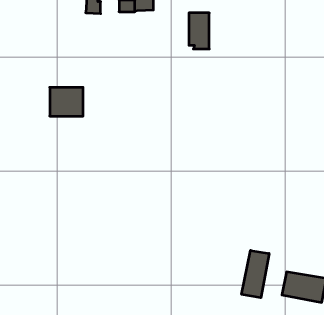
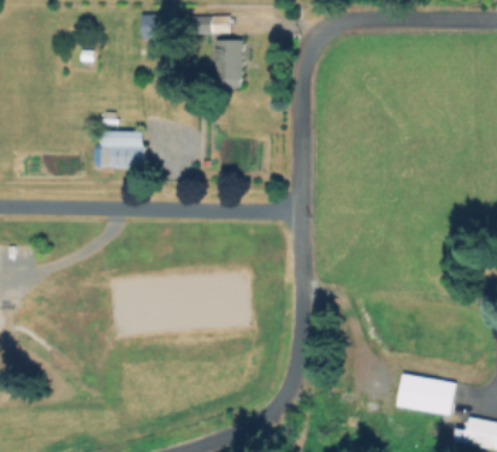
building: [189,13,209,49] -> [217,38,243,85]
building: [242,250,269,298] -> none

